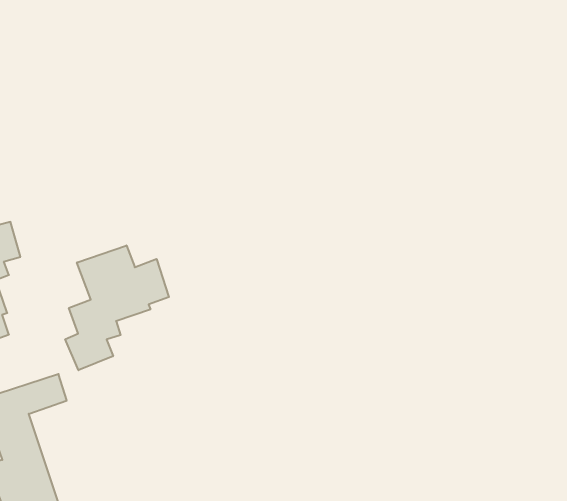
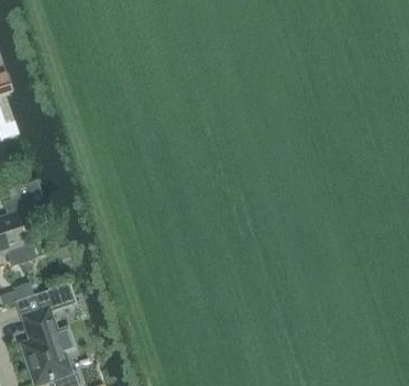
building: [65,245,169,370] -> none

